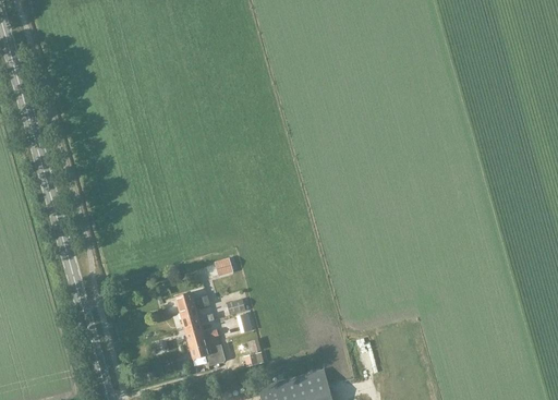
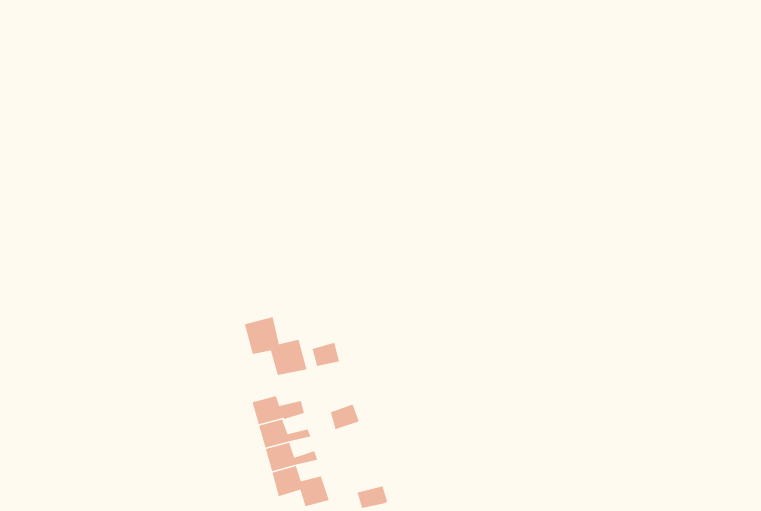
building: none -> [244,316,308,376]

